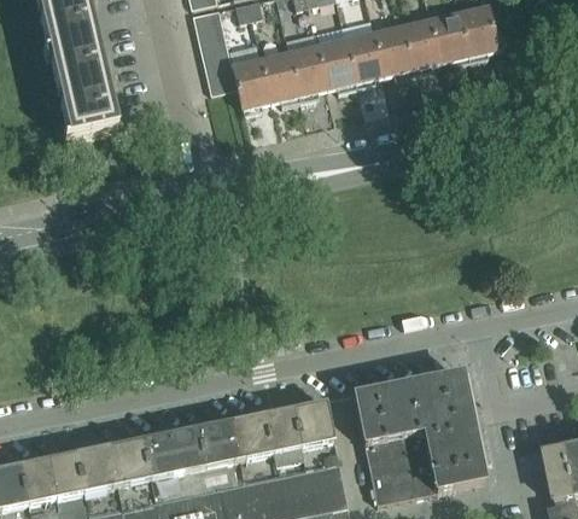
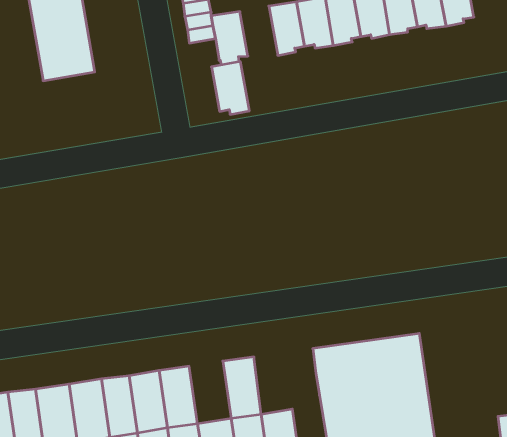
building: [261,49,302,104] -> [211,62,249,114]
building: [296,401,338,465] -> none
building: [230,413,276,478] -> none

